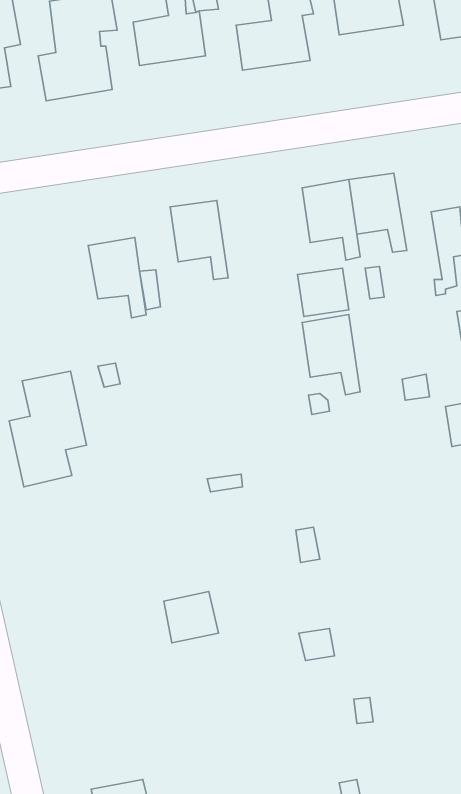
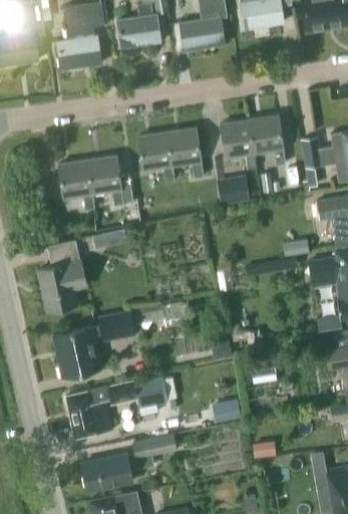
building: none -> [57,161,94,210]
building: [302,315,360,395] -> [166,127,203,178]
building: none -> [52,311,134,377]
building: none -> [65,382,131,438]
building: none -> [80,434,176,491]

